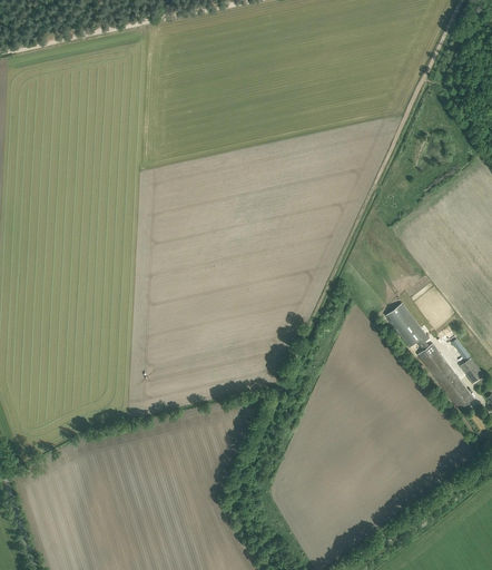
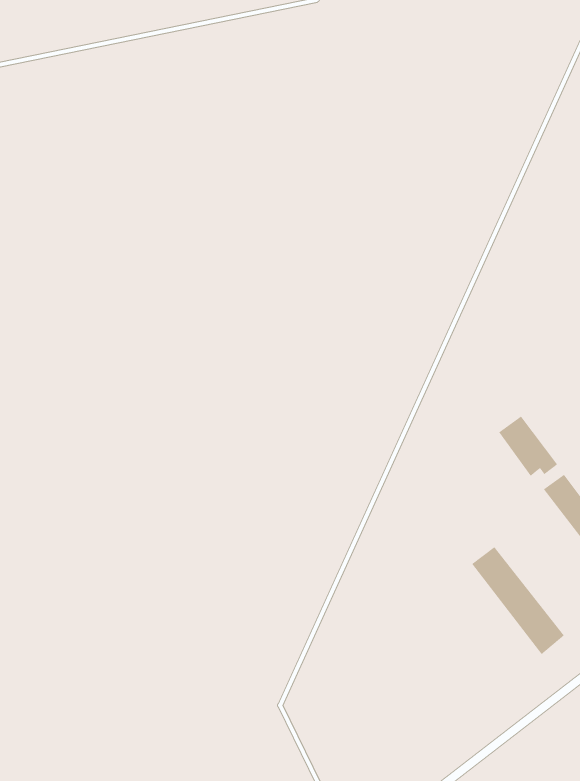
building: none -> [471,546,565,655]

